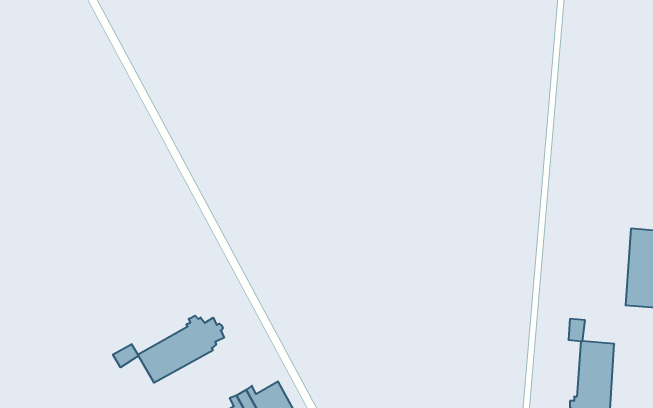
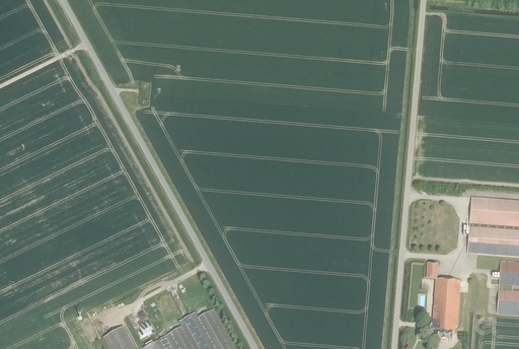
building: [113,316,224,383] -> none

